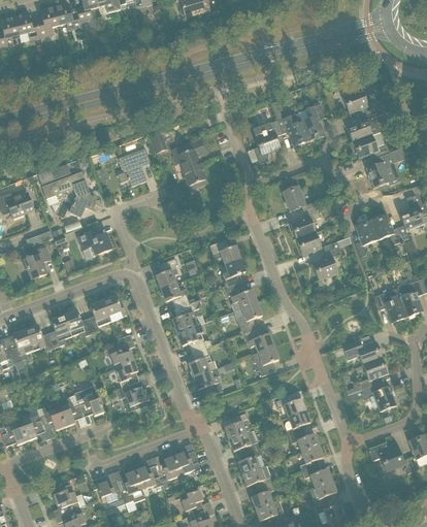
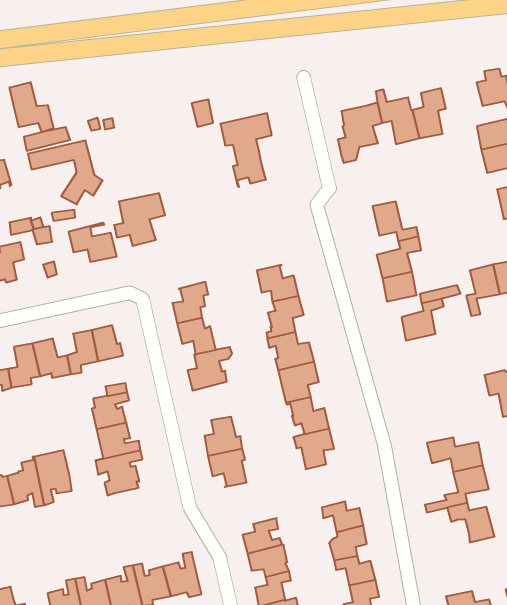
building: none -> [10,82,54,132]
building: [117,147,151,186] -> [114,193,165,246]
building: [176,323,210,351] -> none

